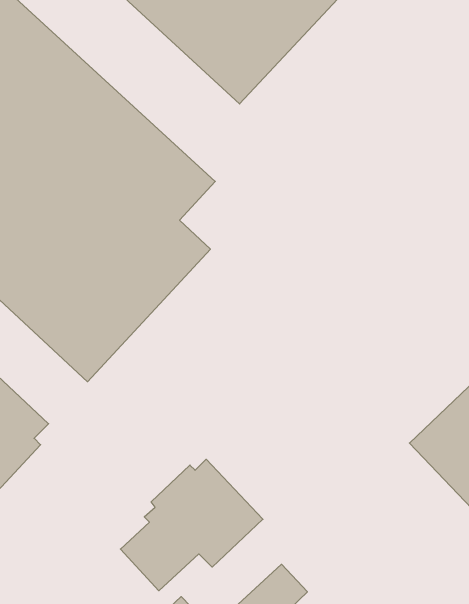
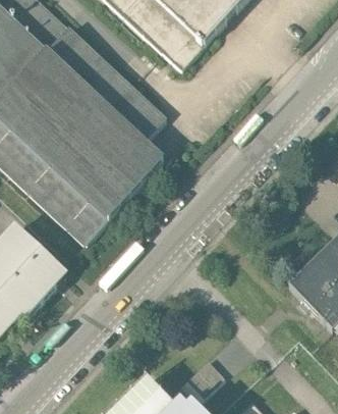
building: [120,459,263,591] -> none

